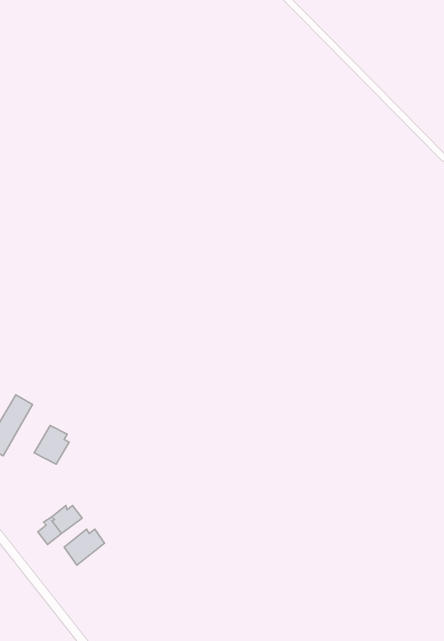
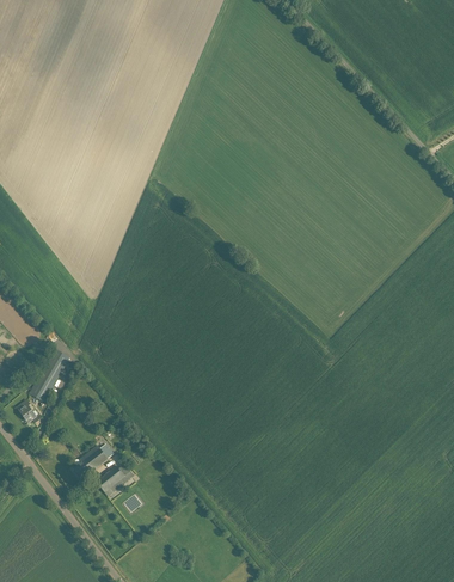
building: [34,425,69,464] -> none

